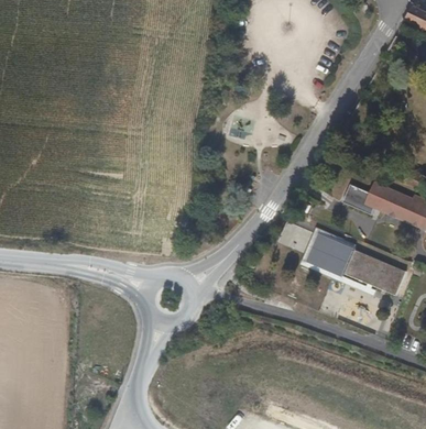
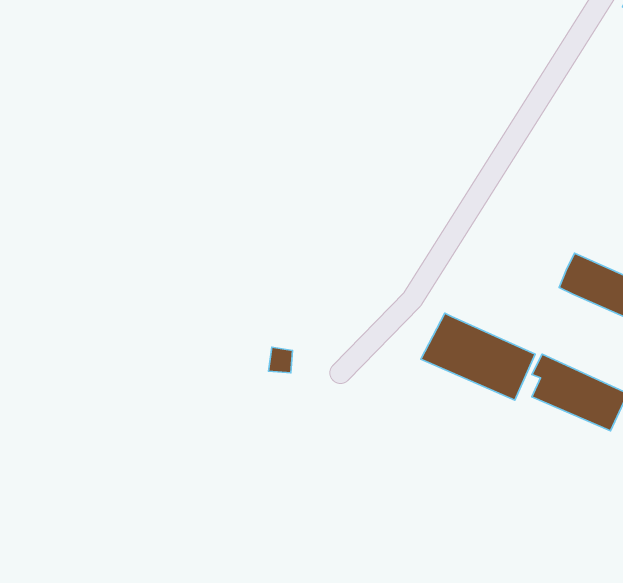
building: [341,183,372,211] -> none

